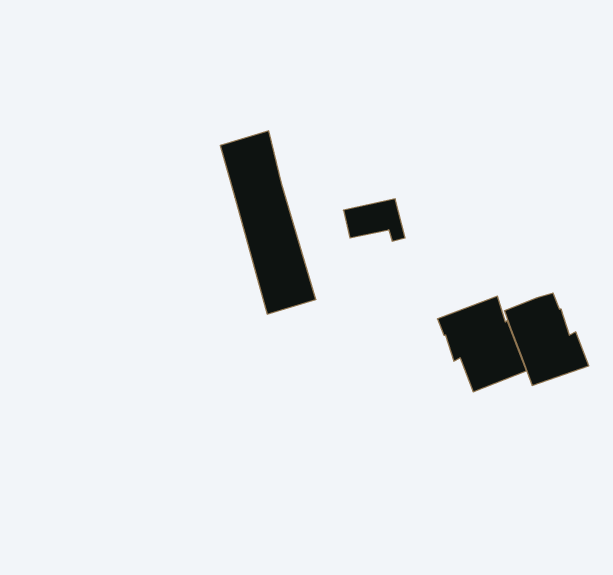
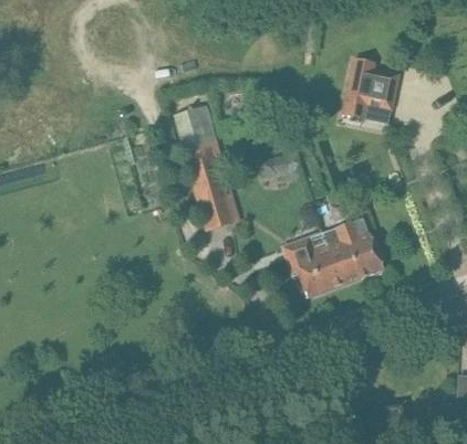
building: none -> [343,60,398,118]
building: [504,293,589,385] -> [289,233,346,296]

